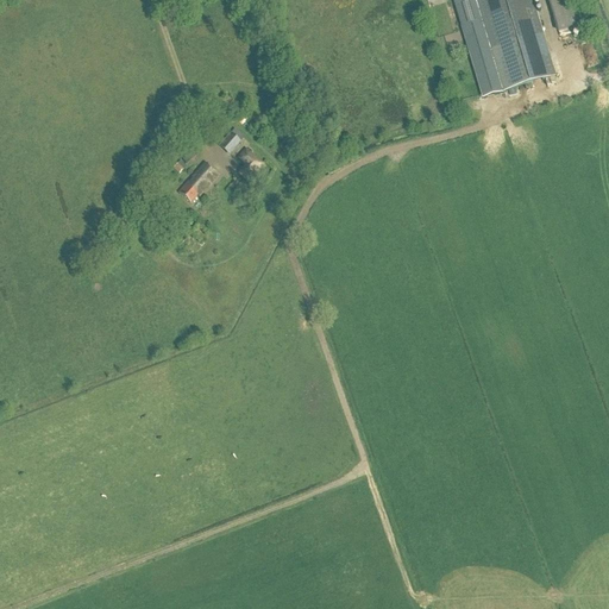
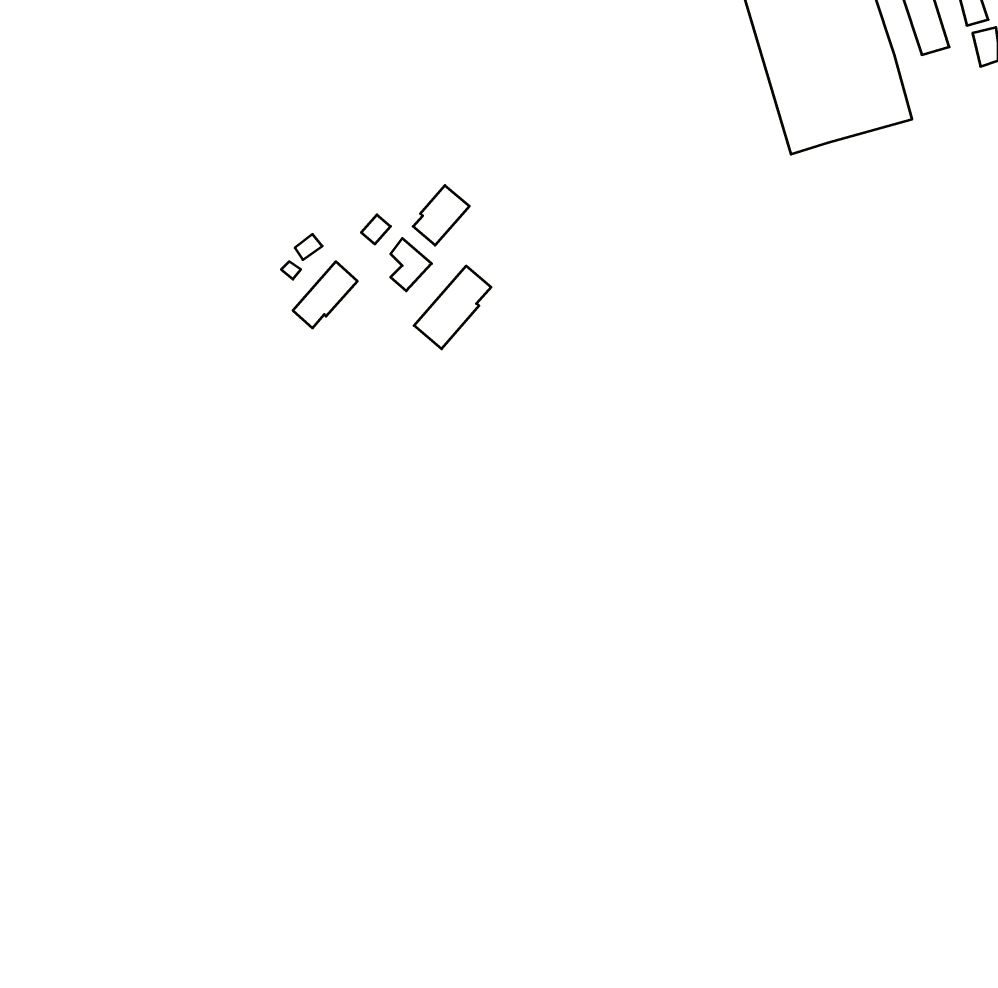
building: none -> [413,185,469,245]
building: none -> [414,266,491,349]

